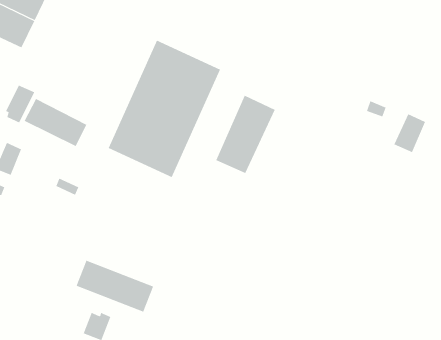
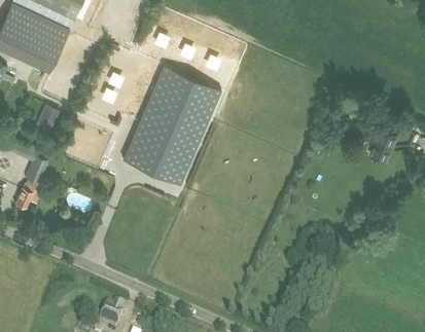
building: [215,95,276,174] -> none
building: [24,98,87,147] -> none
building: [76,260,154,313] -> none

